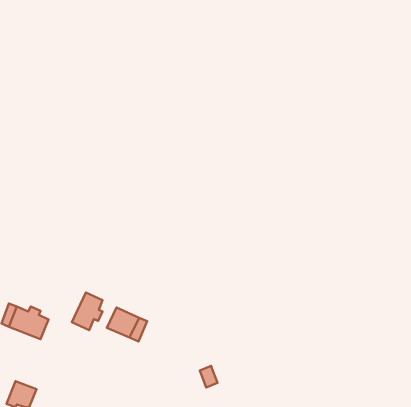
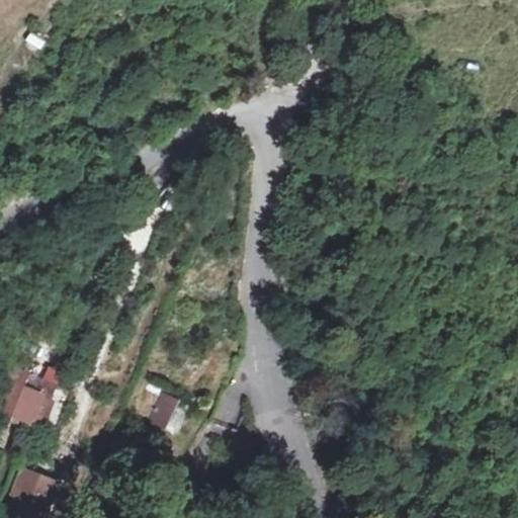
building: [72,293,103,330] -> none

